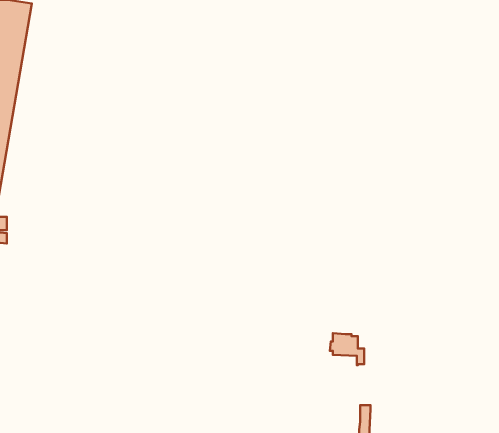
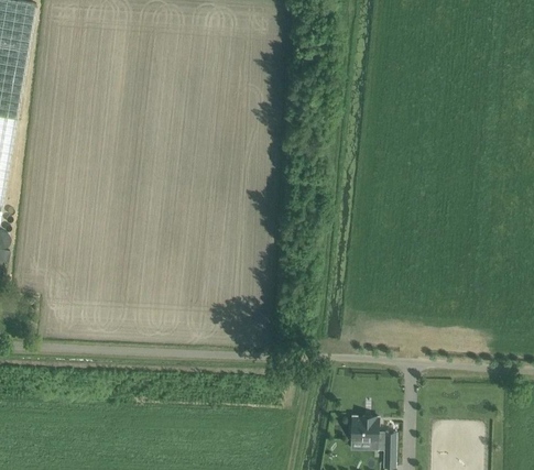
building: [330,333,364,365] -> [348,416,384,450]

